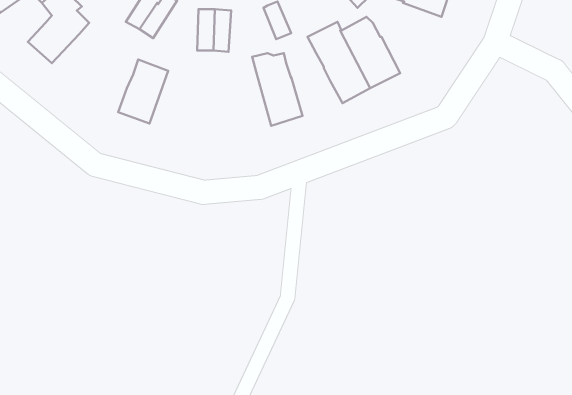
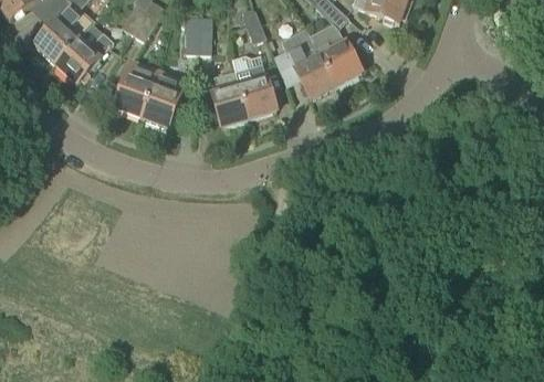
building: none -> [55,29,114,84]
building: none -> [142,71,185,127]
building: none -> [208,72,249,127]

